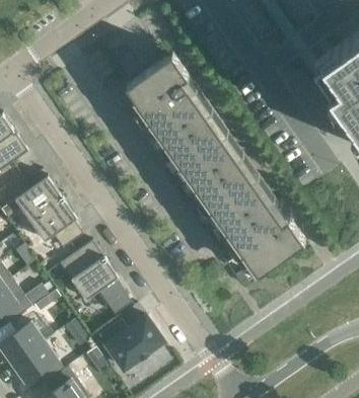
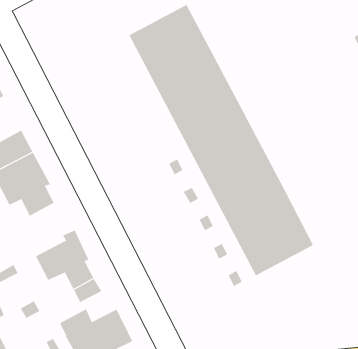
building: [58,242,100,283] -> none

